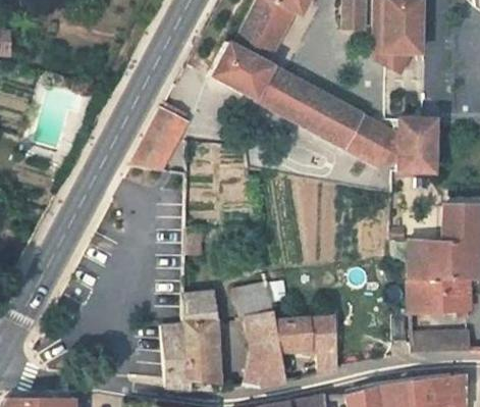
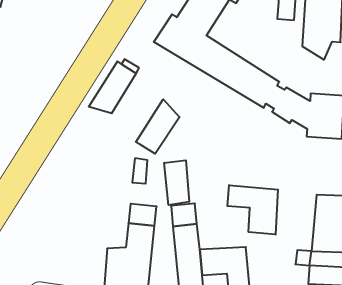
building: none -> [136,99,180,154]
building: none -> [164,160,189,205]
building: none -> [227,185,278,235]

